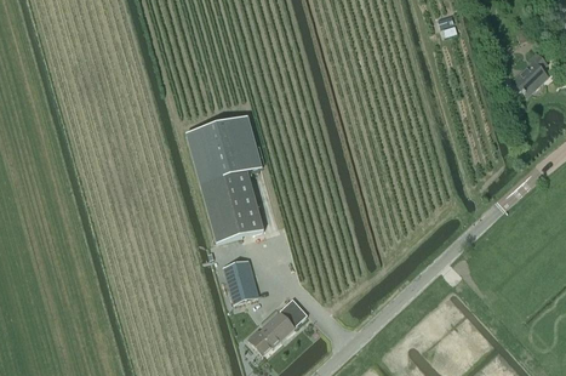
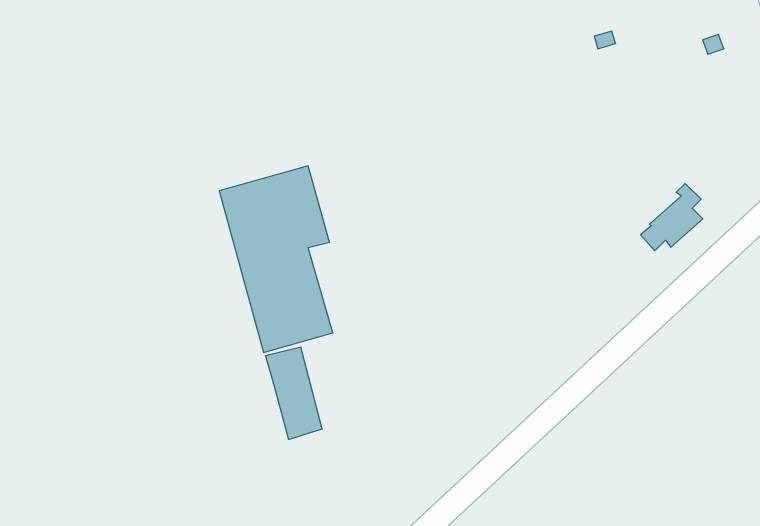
building: [505,51,548,97] -> [641,183,703,251]
building: [248,297,307,353] -> none

